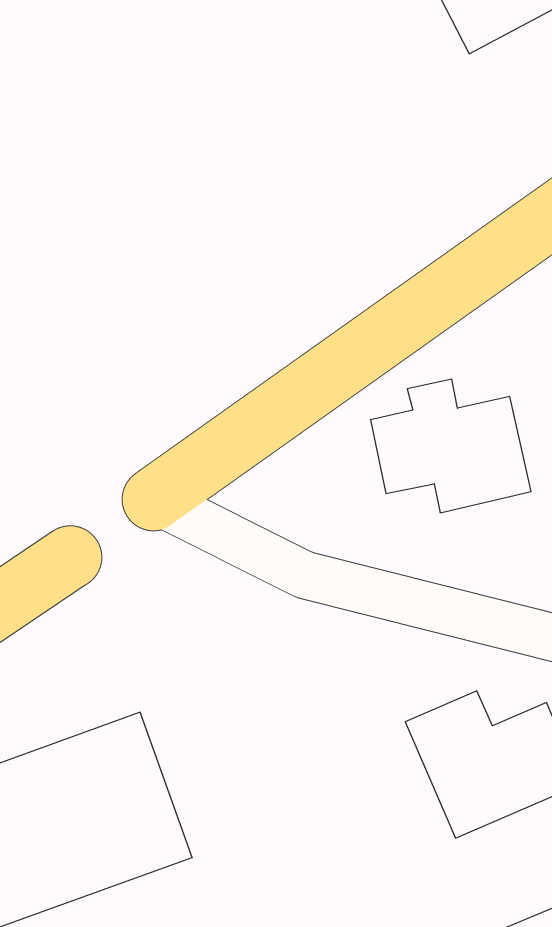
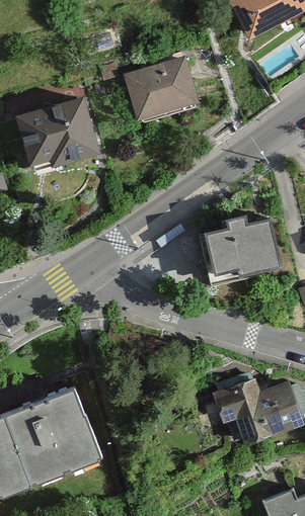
building: none -> [124,57,199,122]
building: none -> [15,92,100,178]

